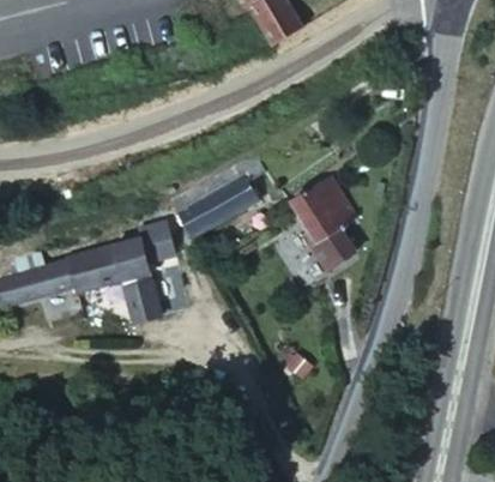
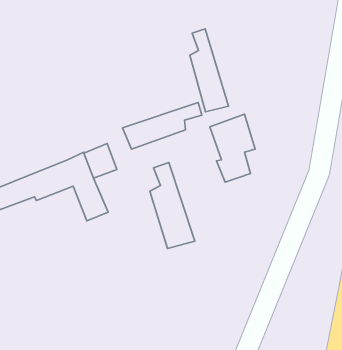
building: none -> [190,29,229,112]
building: none -> [150,163,195,249]

